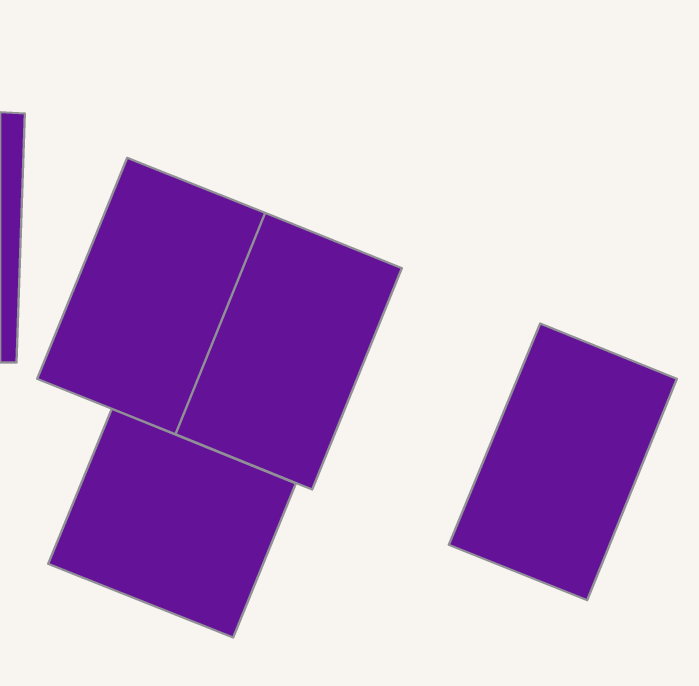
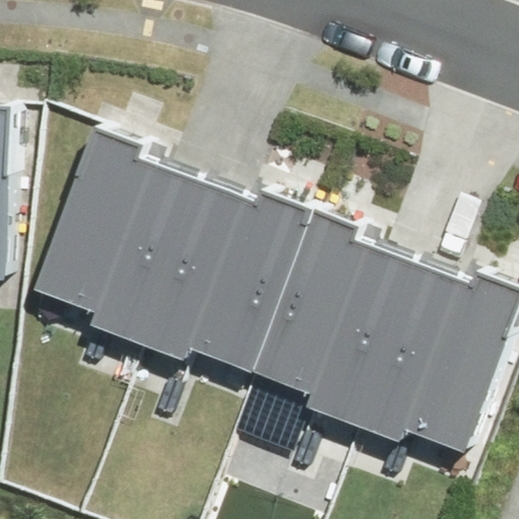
building: none -> [234,212,401,415]
building: [48,409,296,638] -> none

